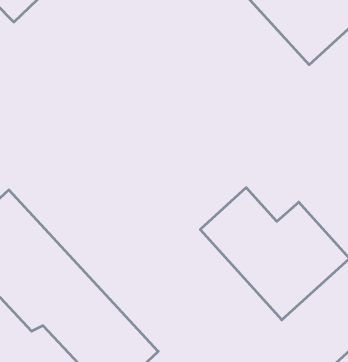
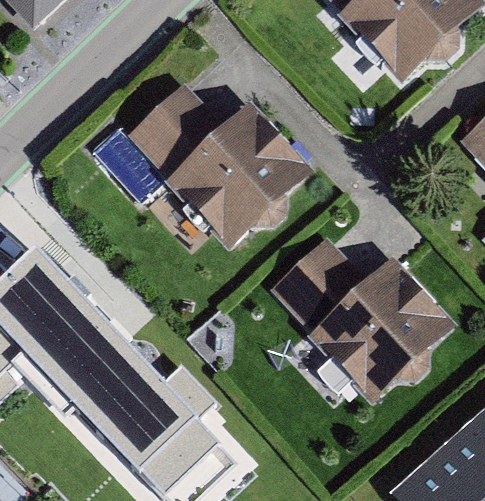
building: none -> [128,82,314,246]

